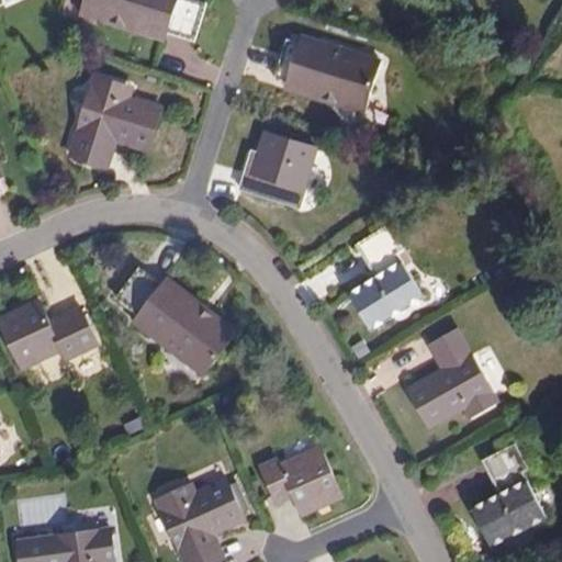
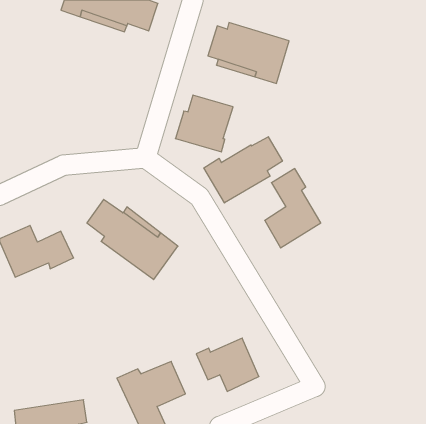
building: [69,77,164,165] -> none
building: none -> [204,137,282,203]
building: [407,329,497,428] -> none
building: [472,441,546,541] -> none

